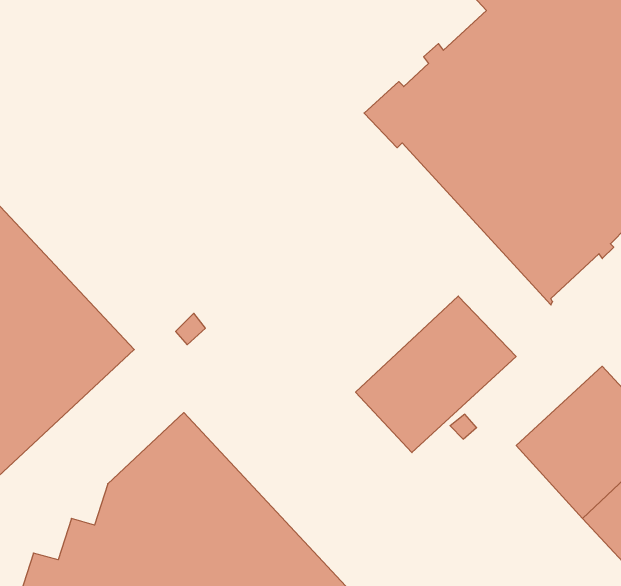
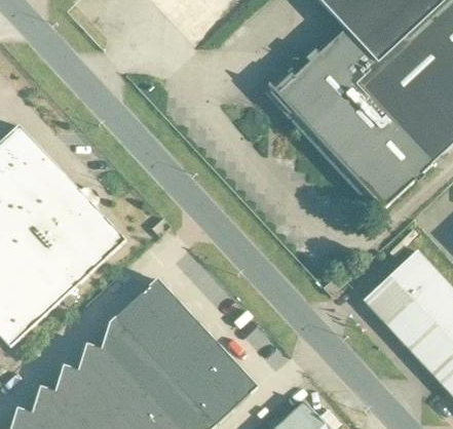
building: [356,296,516,453] -> none

